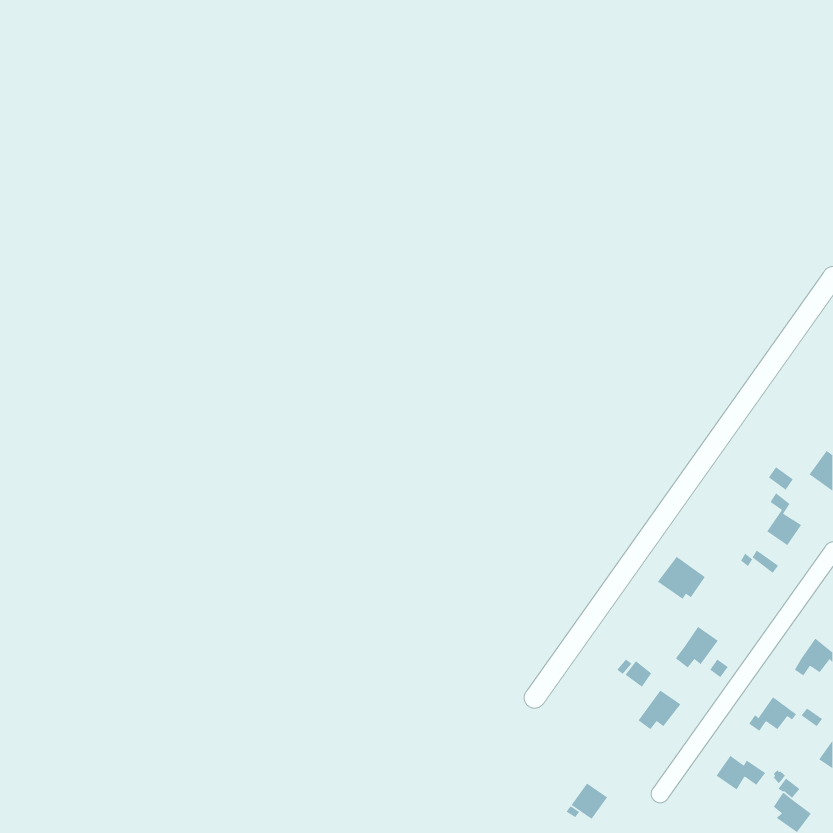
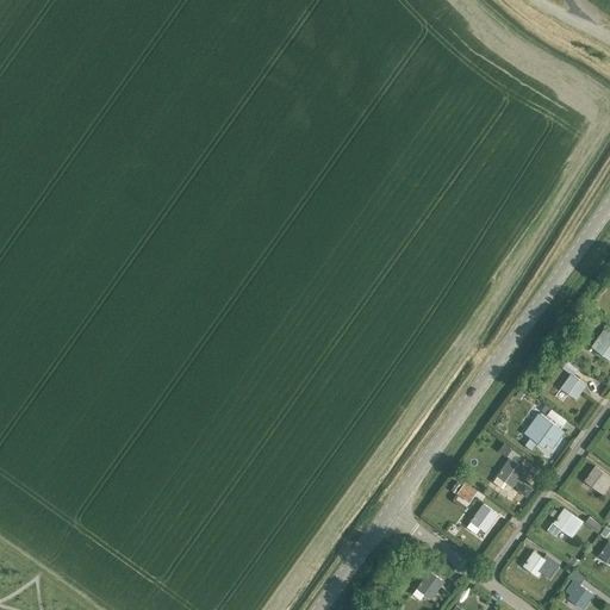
building: [657,556,706,600] -> [524,413,560,446]

